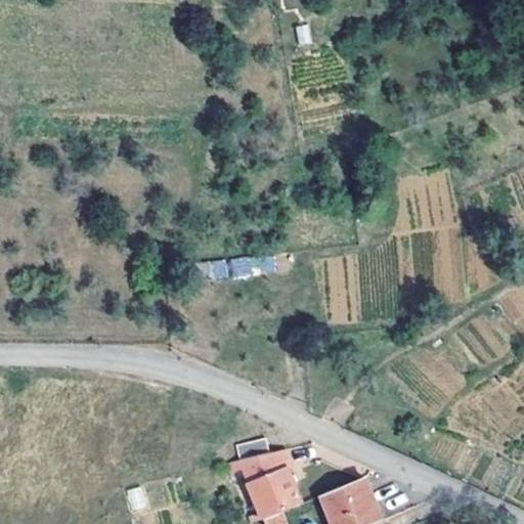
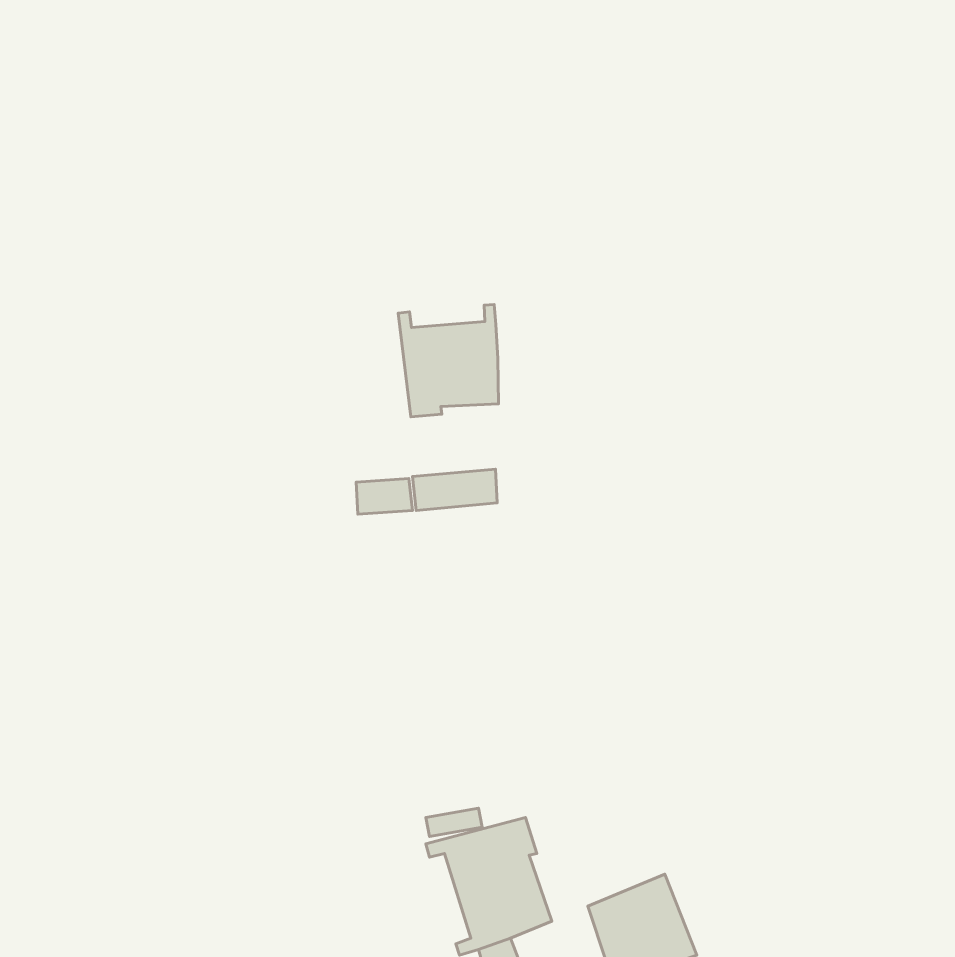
building: none -> [398,305,498,417]

